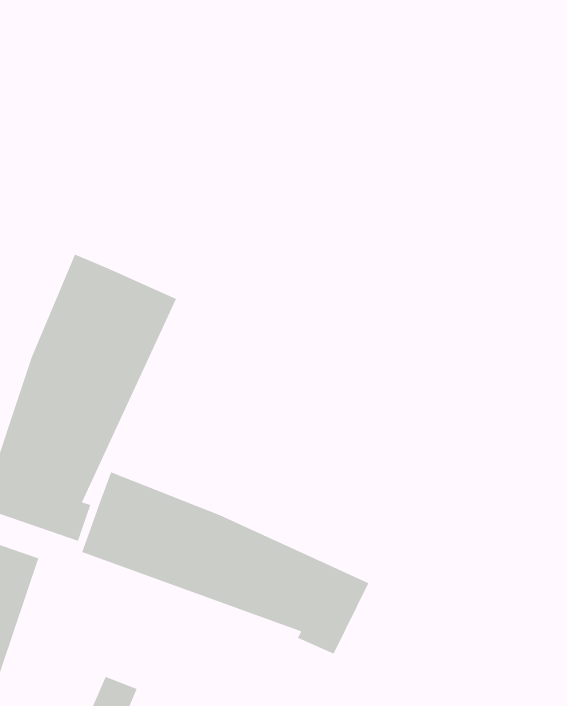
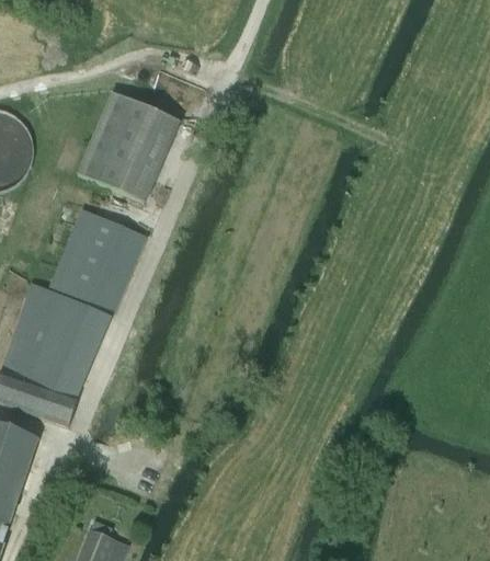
building: none -> [80,93,184,203]
building: [82,472,369,654] -> none

